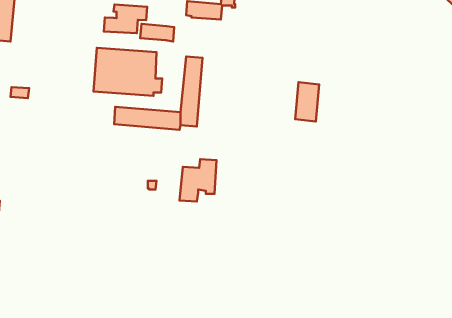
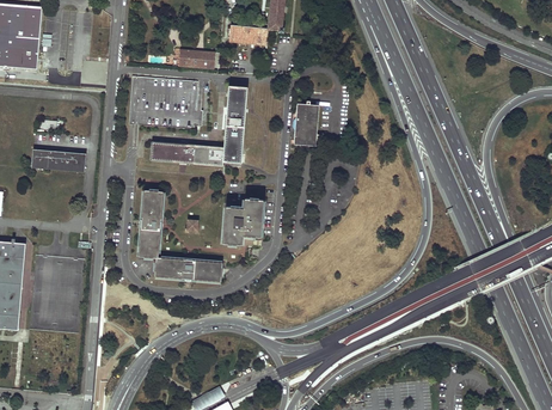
building: [104,4,147,33] -> none
building: [295,82,319,121] -> [292,103,318,146]
building: none -> [31,149,85,171]
building: none -> [139,190,221,282]

